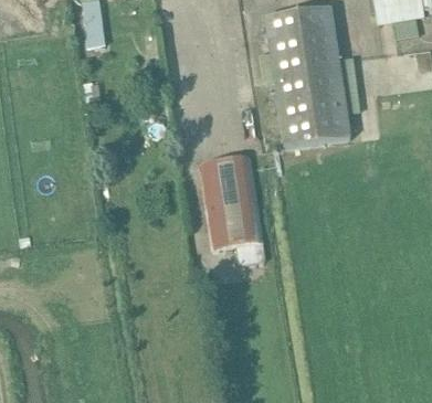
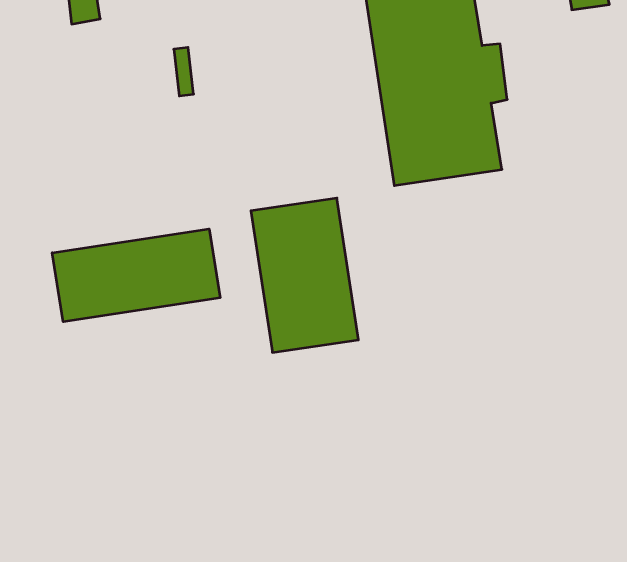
building: none -> [52,229,220,322]

